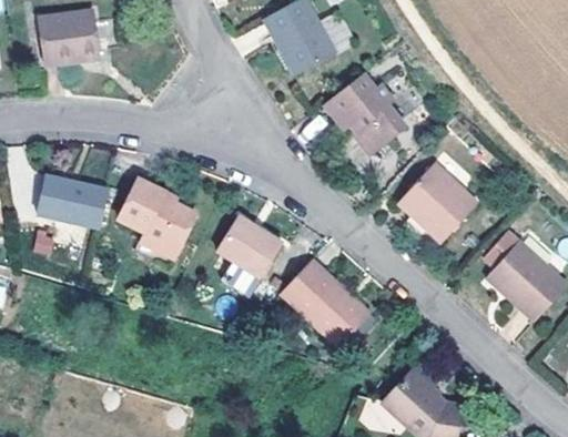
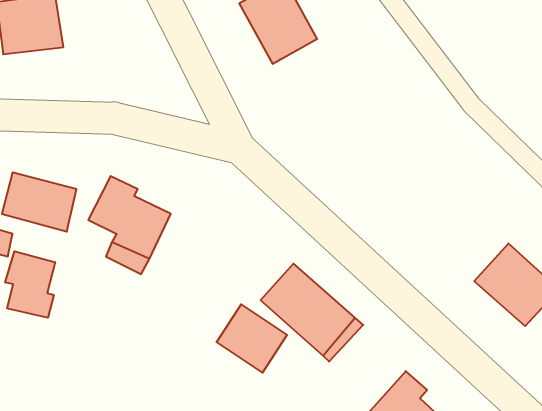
building: [322,72,404,155] -> none
building: [394,163,475,243] -> none
building: [219,213,285,277] -> [216,304,287,373]
building: none -> [5,251,55,318]

